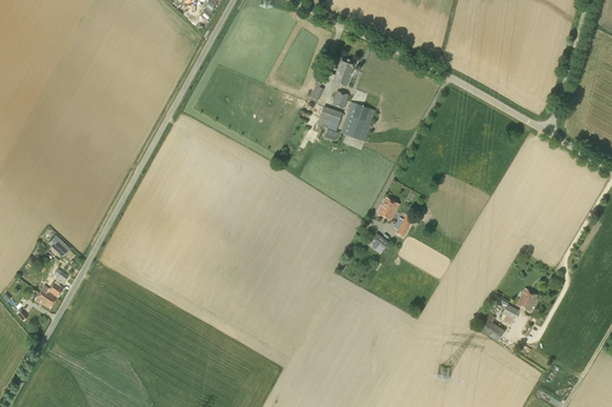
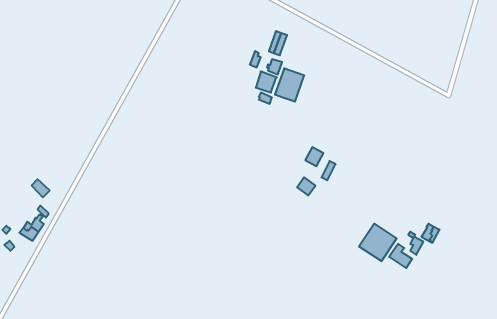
building: none -> [359,224,397,261]

